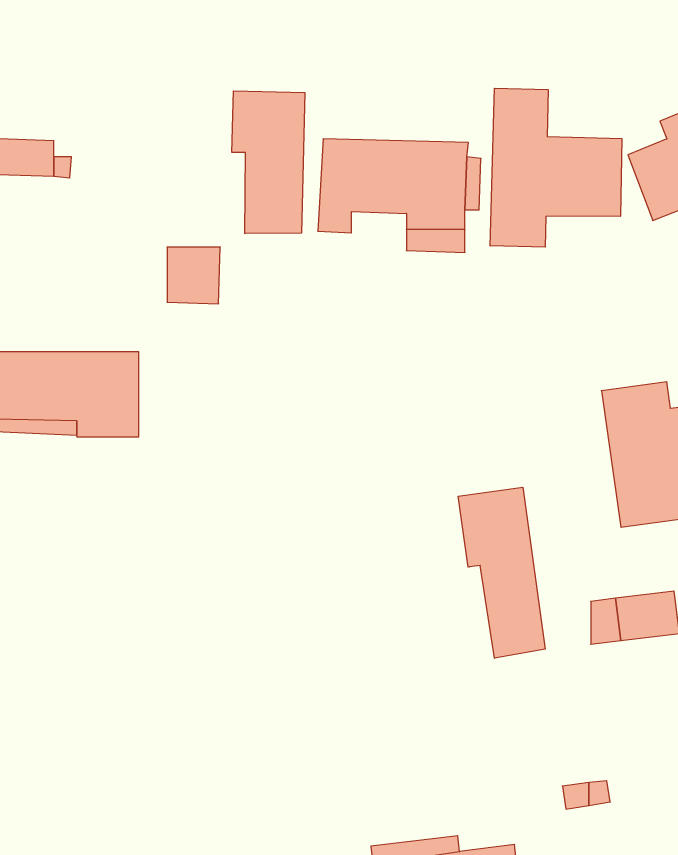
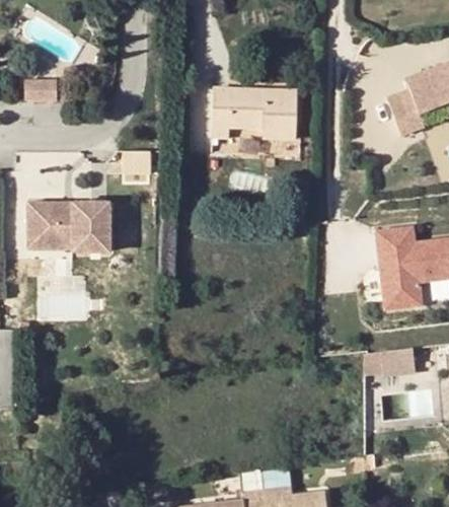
building: [490,88,622,247] -> none
building: [232,91,305,234] -> none
building: [458,487,545,658] -> none

